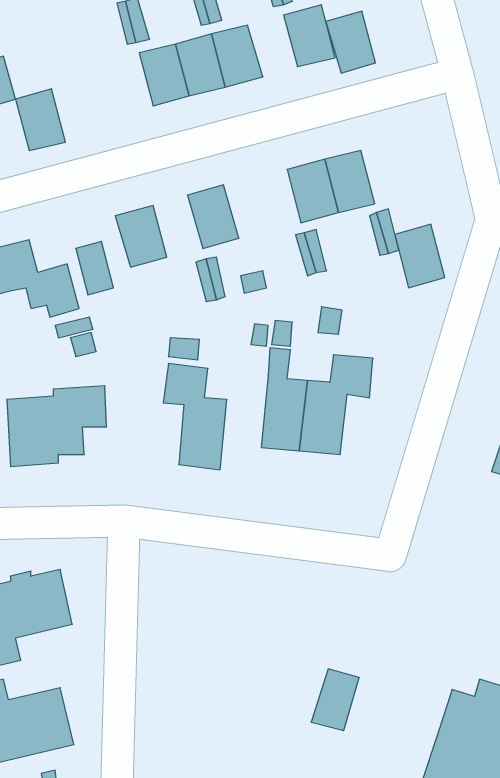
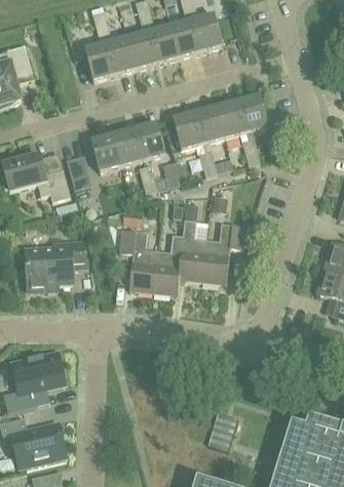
building: [326,11,376,73] -> [169,21,199,57]
building: [16,89,65,151] -> [83,43,113,80]
building: none -> [171,113,201,151]
building: none -> [113,128,143,165]
building: [395,224,445,288] -> [237,95,267,133]
building: none -> [153,234,182,294]

